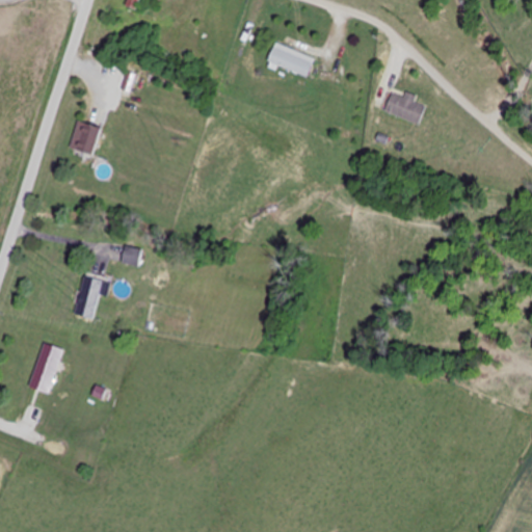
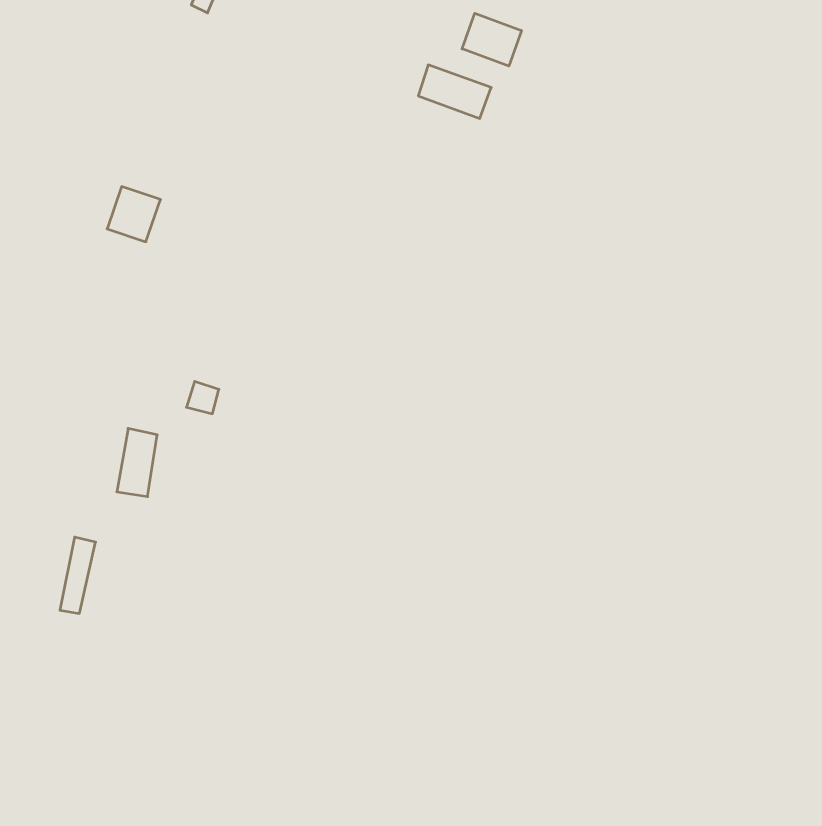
building: none -> [462,13,521,66]
building: [383,91,426,124] -> none

